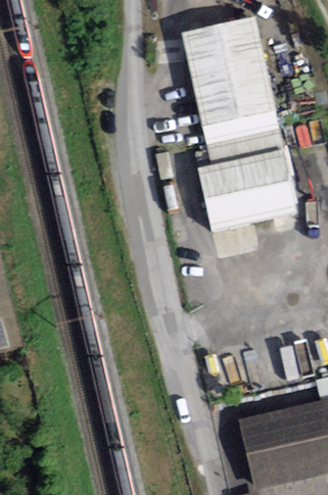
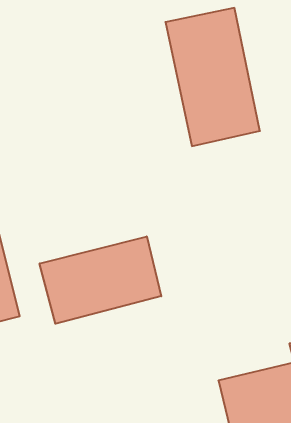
building: [197,150,298,233] -> none
building: none -> [40,236,161,324]

